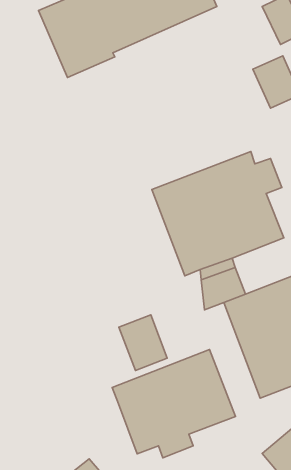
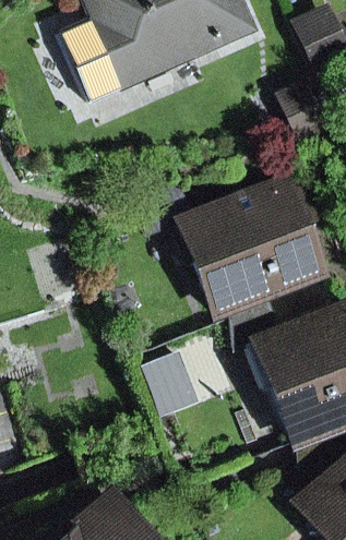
building: [112,350,235,458] -> none

